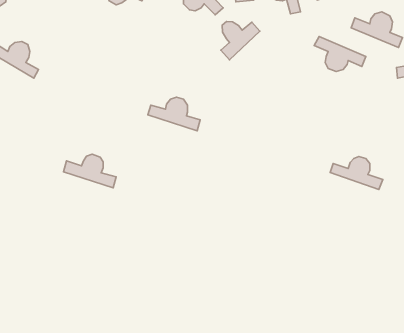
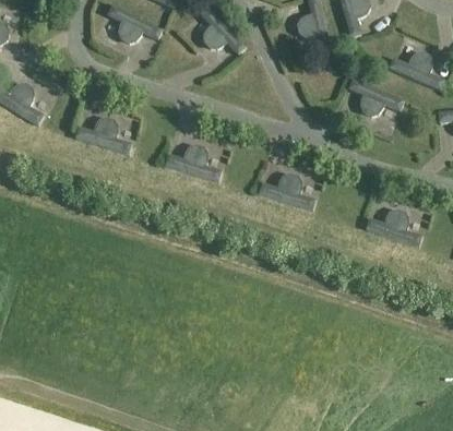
building: [221,21,260,60] -> none
building: none -> [258,172,315,209]
building: [64,154,116,188] -> [74,117,132,154]

